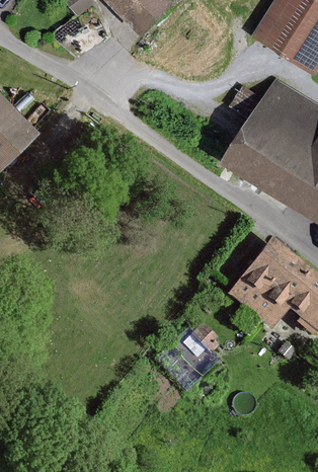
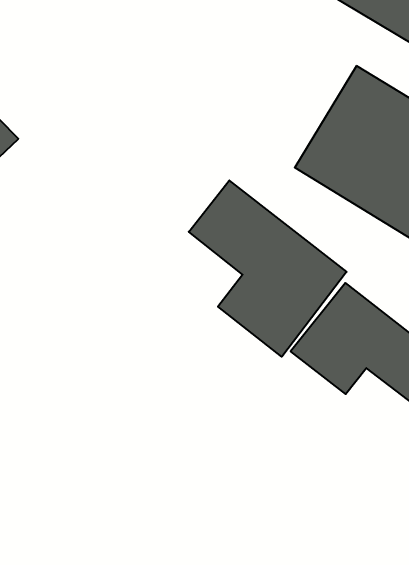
building: none -> [189,180,347,357]

